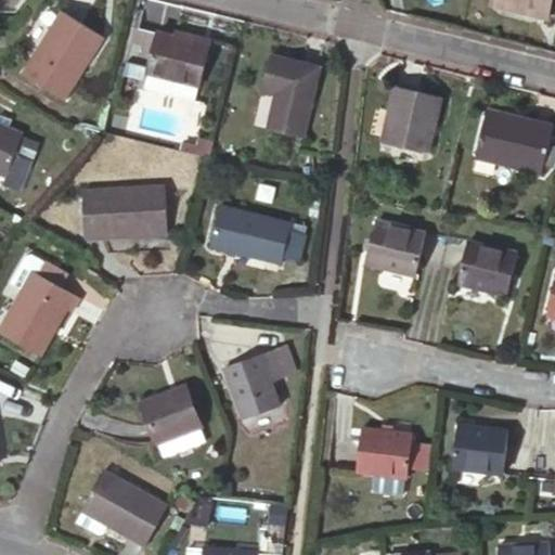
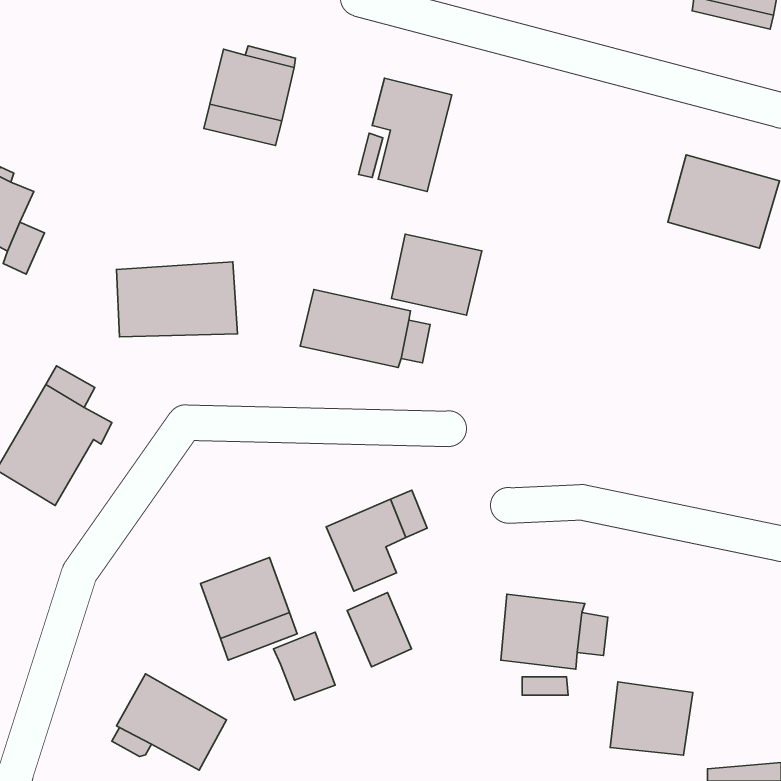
building: [23,10,103,99] -> none
building: [377,79,438,149] -> none
building: [360,215,424,272] -> [391,234,482,315]
building: [459,240,521,296] -> none
building: [451,416,509,468] -> [610,682,693,755]
building: none -> [347,592,412,667]
building: none -> [274,632,335,700]

